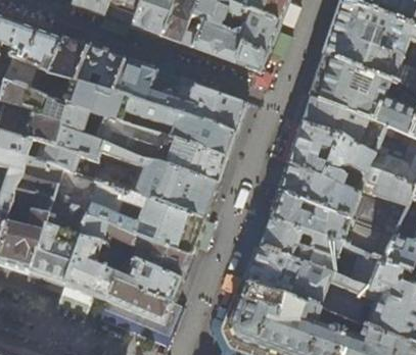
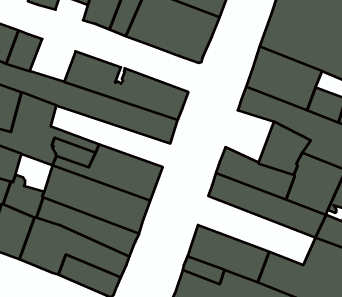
building: [76,47,125,93] -> none
building: [98,118,227,185] -> none
building: [286,123,338,180] -> none
building: [60,170,100,211] -> none
building: [257,215,383,290] -> none

